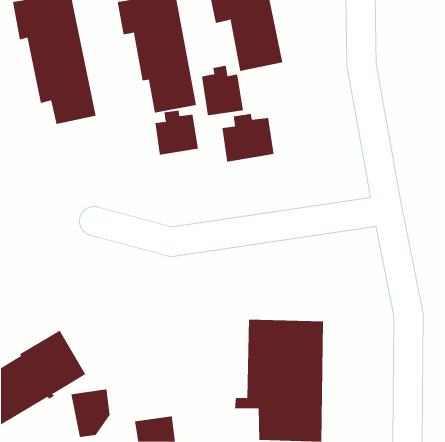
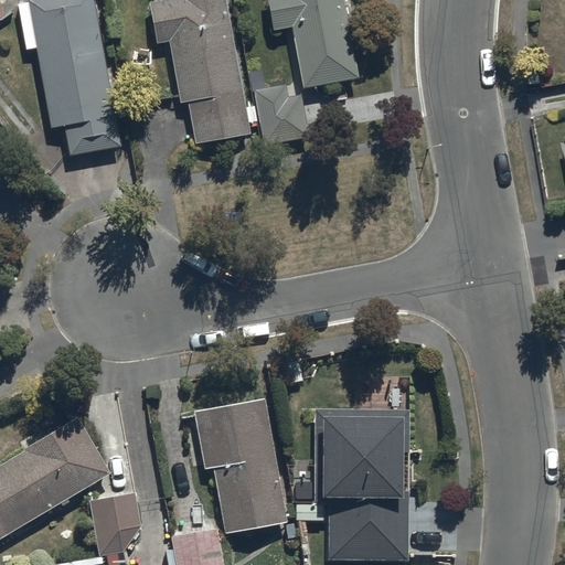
building: [155,110,198,156] -> none
building: [222,113,274,162] -> none
building: none -> [193,398,287,534]

